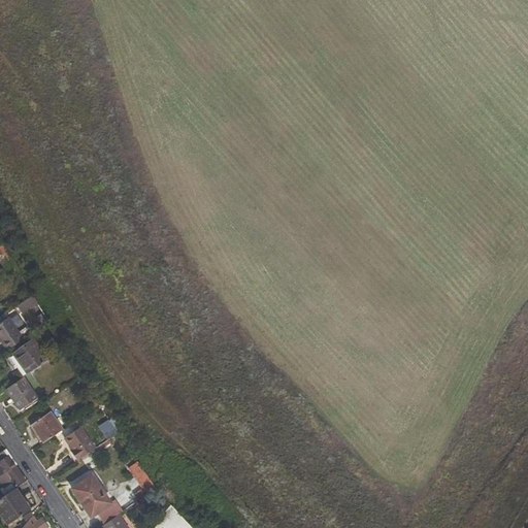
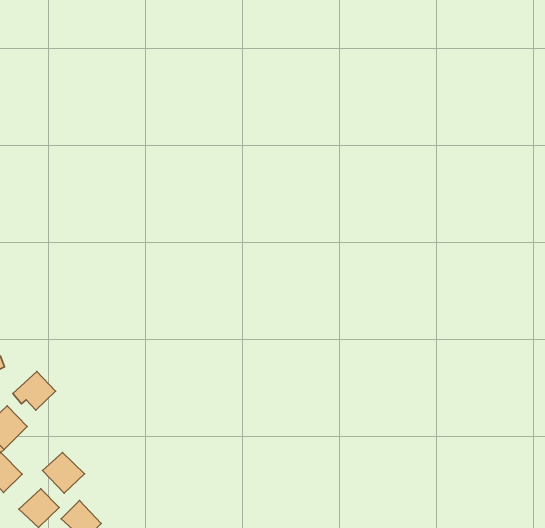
building: none -> [13,372,55,410]
building: none -> [42,452,85,493]

